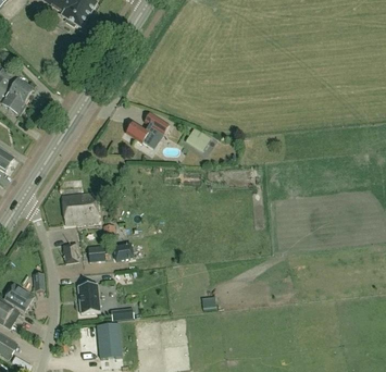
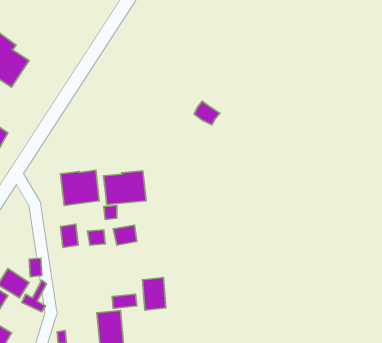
building: [127,112,170,145] -> none
building: none -> [103,171,146,205]
building: [78,283,100,313] -> [142,278,166,310]

